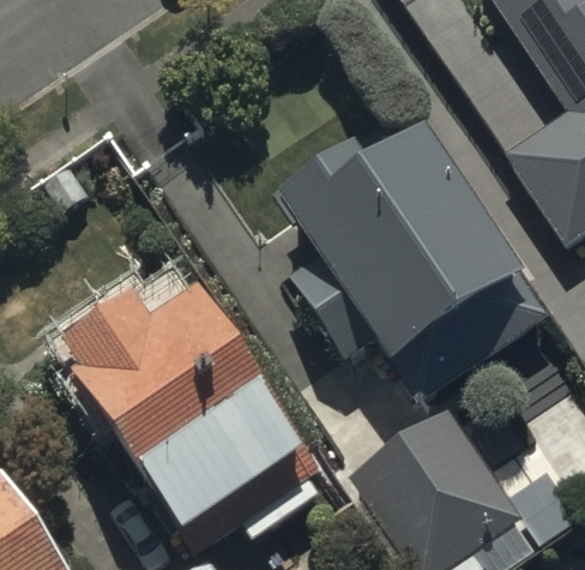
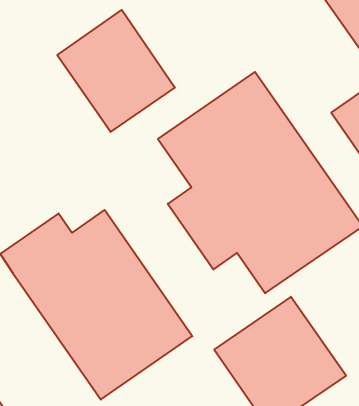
building: none -> [57,10,175,132]

